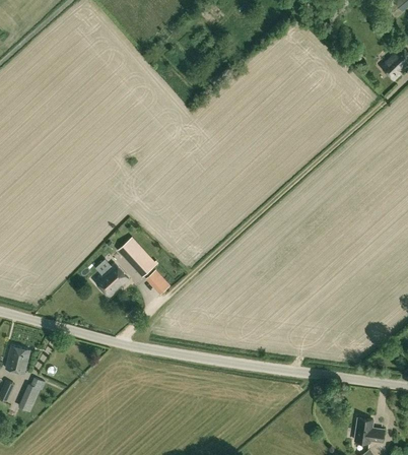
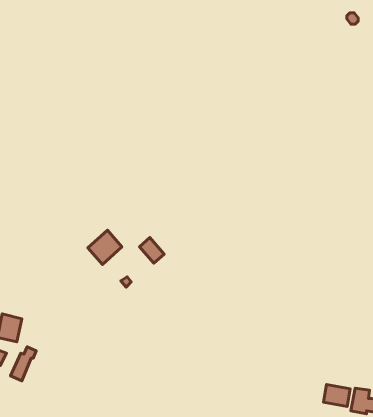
building: [118,237,157,276] -> none
building: none -> [323,384,350,406]

